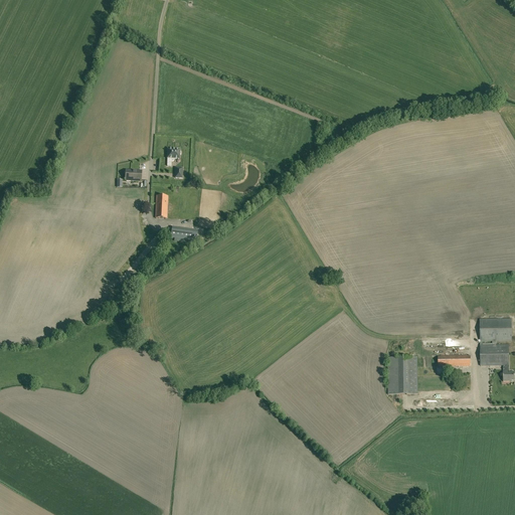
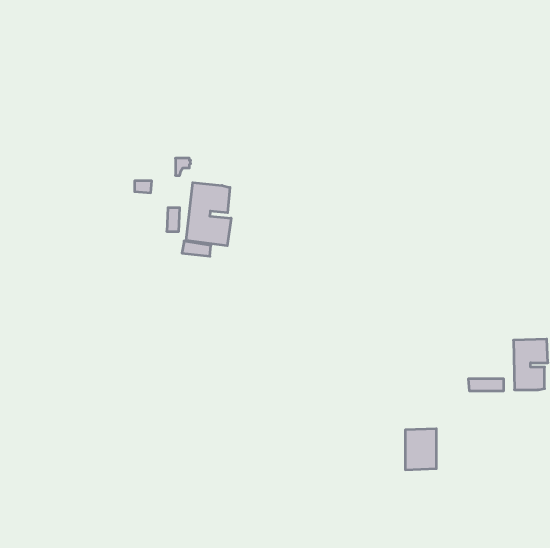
building: none -> [186,183,231,246]
building: [388,355,417,393] -> [405,429,436,470]

